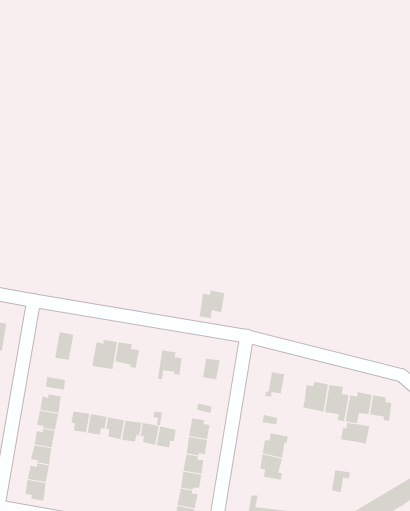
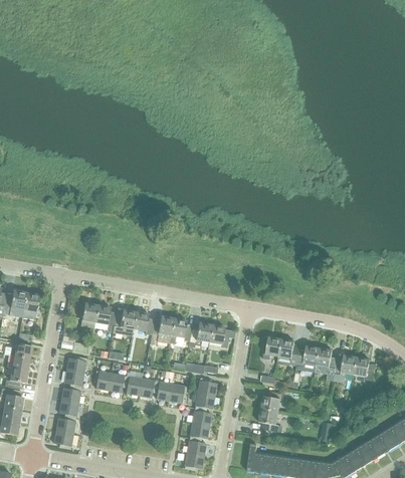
building: [199,290,225,319] -> [188,321,211,346]
building: none -> [92,304,116,331]
building: none -> [149,315,173,343]
building: none -> [277,338,298,364]
building: [340,422,370,444] -> none

